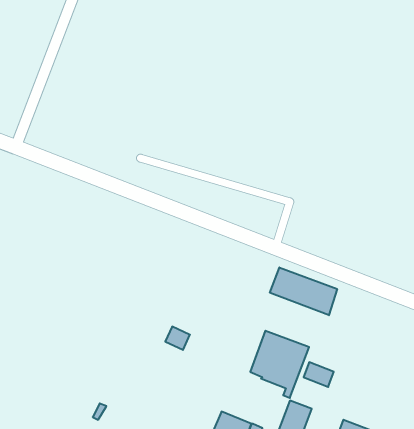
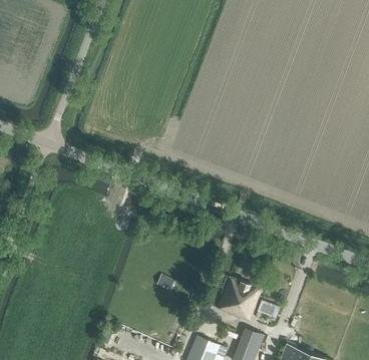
building: [270,267,337,315] -> none

